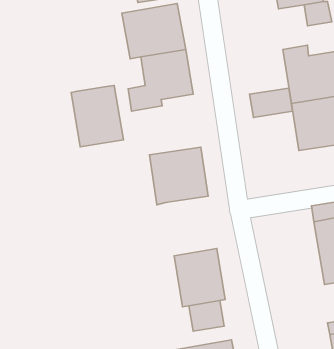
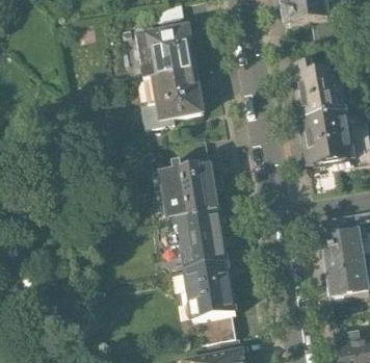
building: [71,86,123,147] -> none
building: [250,88,293,117] -> none
building: none -> [177,210,227,268]

